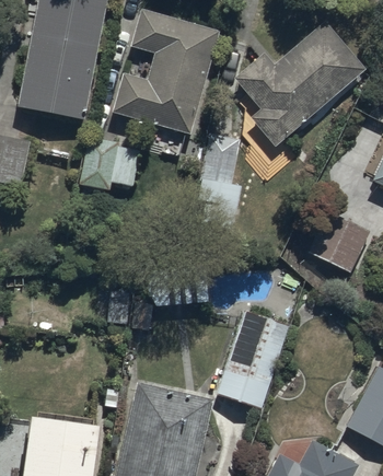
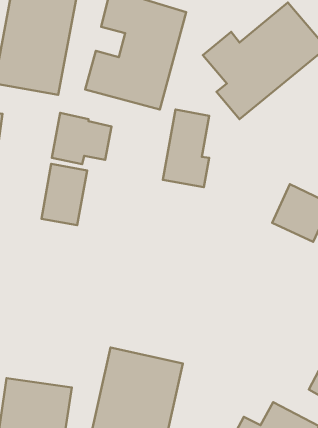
building: none -> [42,164,87,225]
building: [217,312,288,406] -> none

